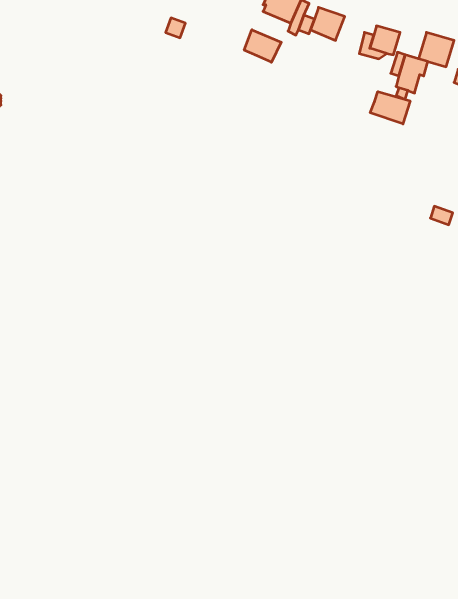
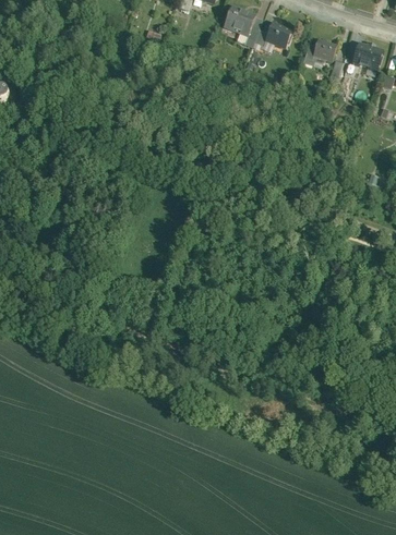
building: [244,30,281,62] -> none
building: [370,92,410,124] -> none

